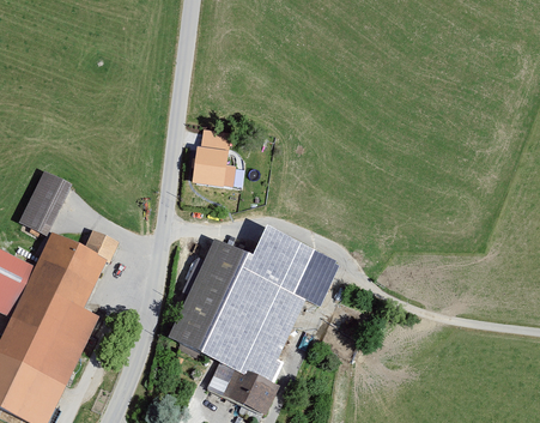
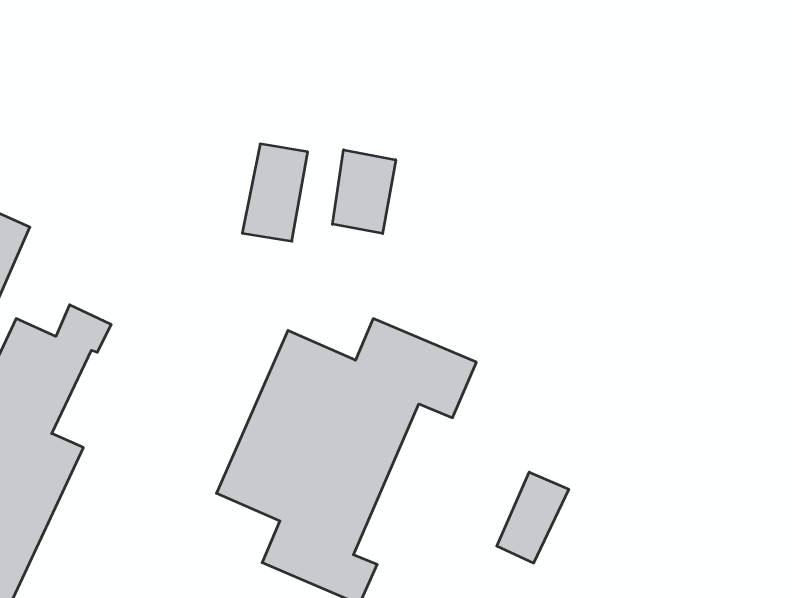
building: none -> [332,150,396,234]
building: none -> [497,472,569,563]

